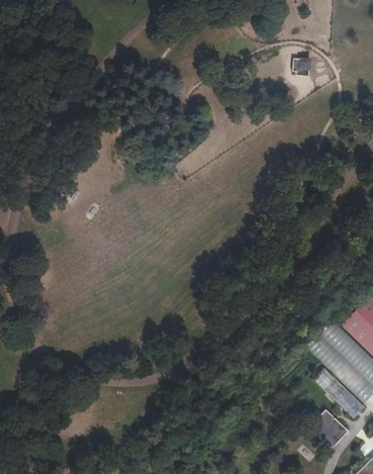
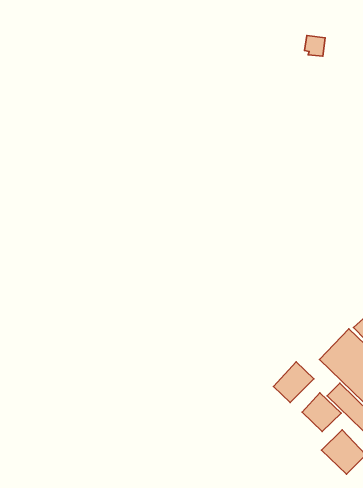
building: none -> [274,362,314,402]
building: none -> [302,393,341,431]

